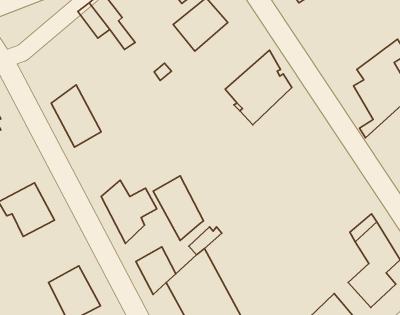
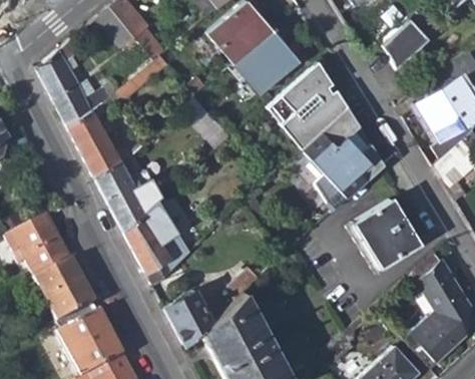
building: none -> [378,22,426,72]
building: none -> [234,30,297,92]
building: none -> [38,35,124,123]
building: none -> [302,105,386,214]
building: none -> [349,200,418,270]
building: [153,176,203,241] -> [95,156,153,232]
building: none -> [34,259,96,324]

